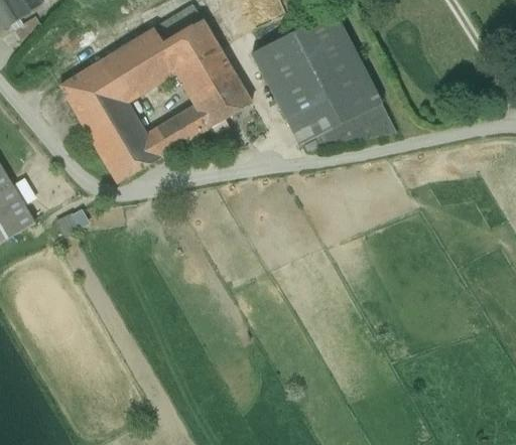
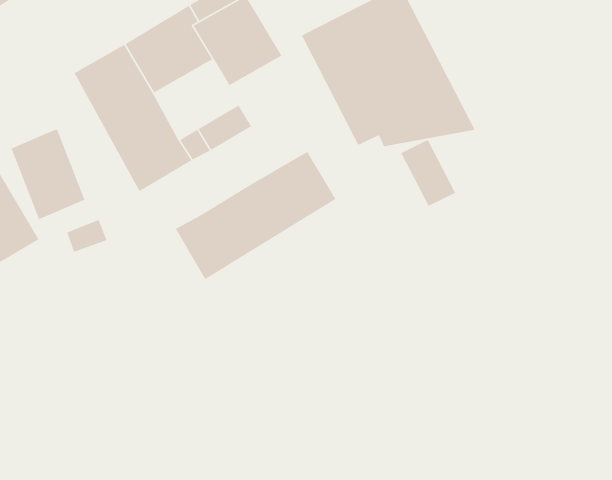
building: [190,68,253,127] -> none
building: none -> [10,128,86,220]
building: none -> [400,139,456,207]
building: none -> [175,151,337,280]

